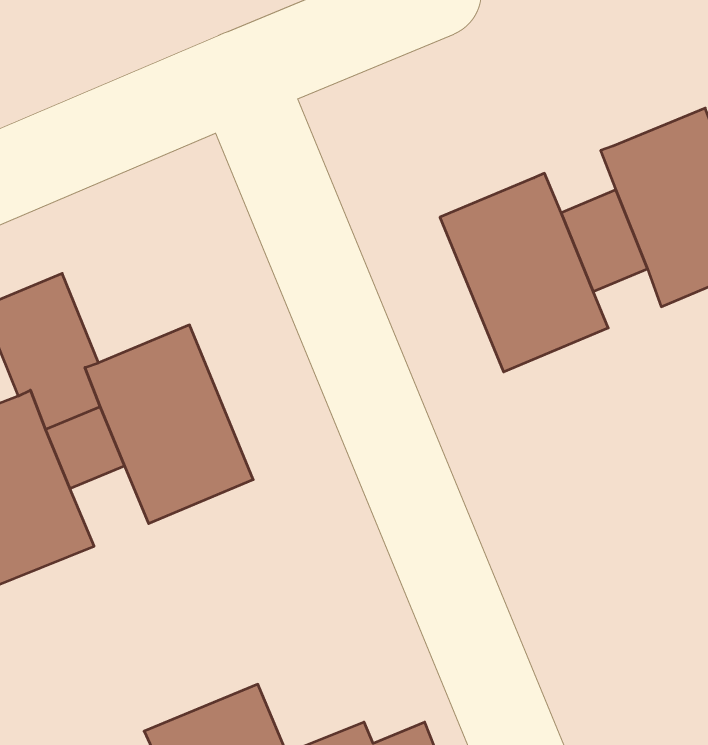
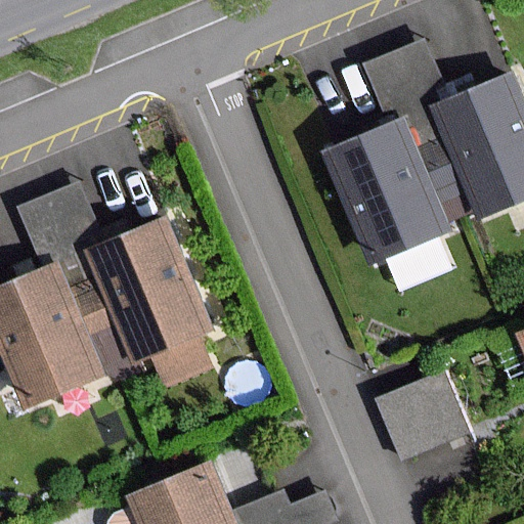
building: none -> [370,43,451,148]
building: none -> [386,376,464,452]

